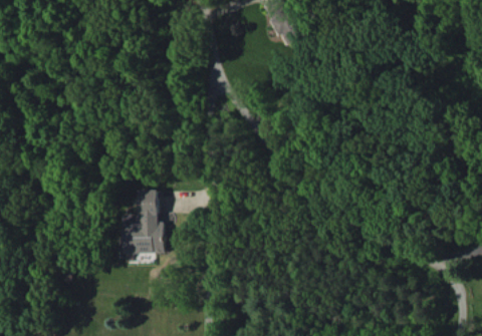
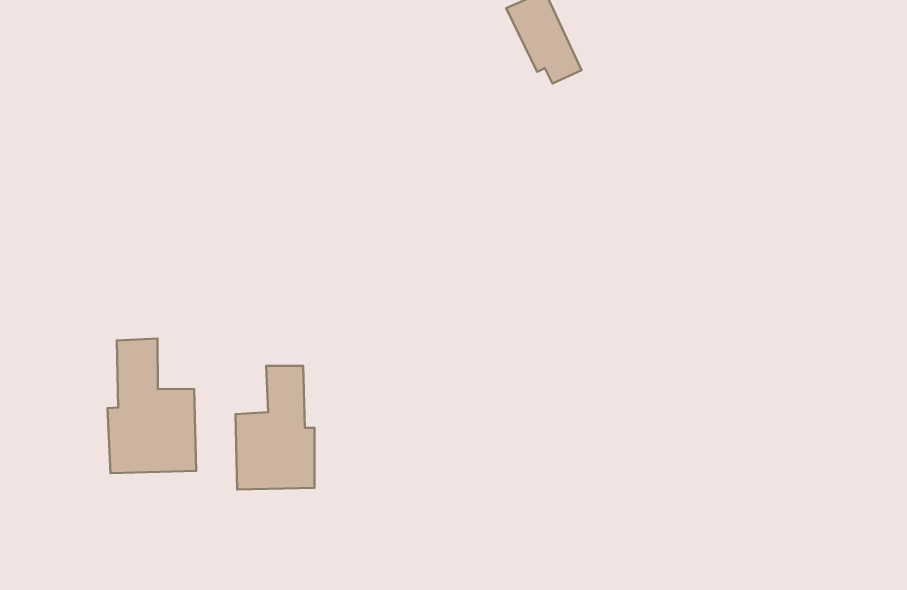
building: none -> [107,339,196,473]

